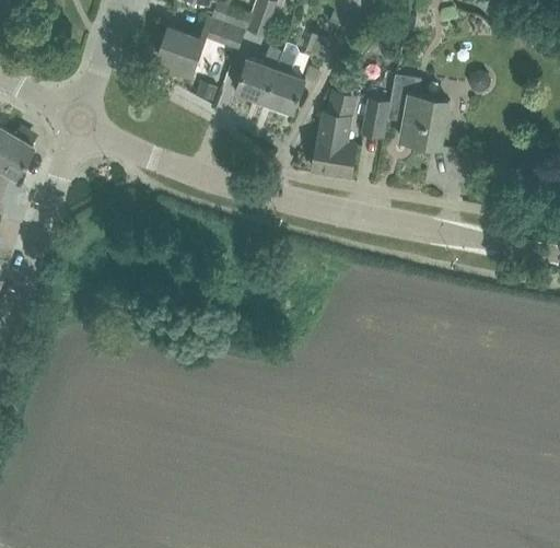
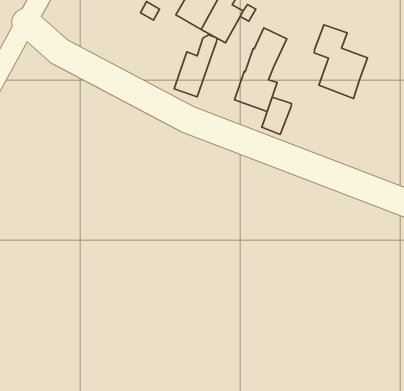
building: [361,102,388,140] -> [262,97,292,134]
building: none -> [174,35,217,97]

